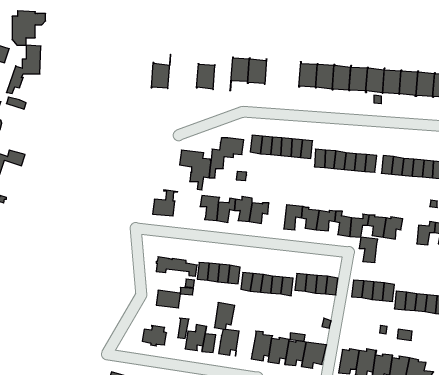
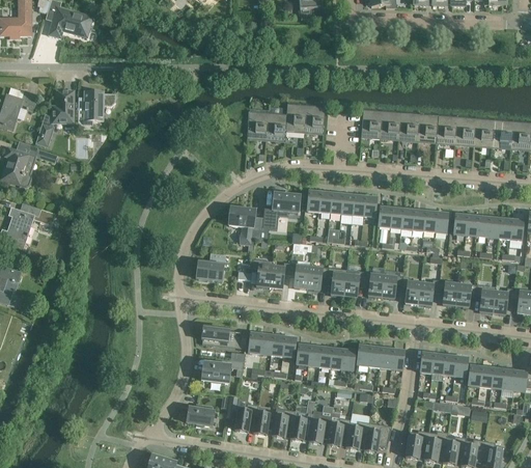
building: [12,11,46,45] -> [78,90,115,129]
building: [151,54,171,89] -> [266,103,287,141]
building: none -> [327,267,347,296]
building: [359,237,378,262] -> [475,284,496,312]
building: [214,303,235,329] -> [290,410,313,440]

